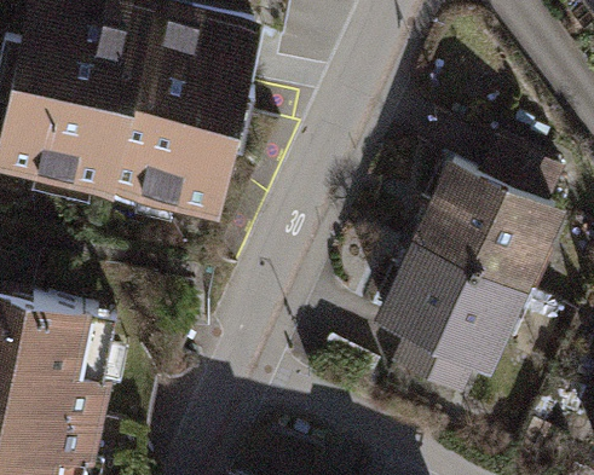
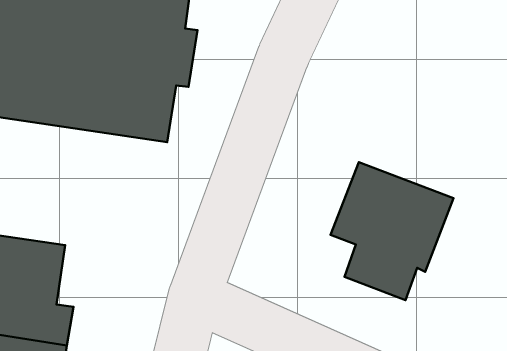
building: [417,145,559,289] -> none

